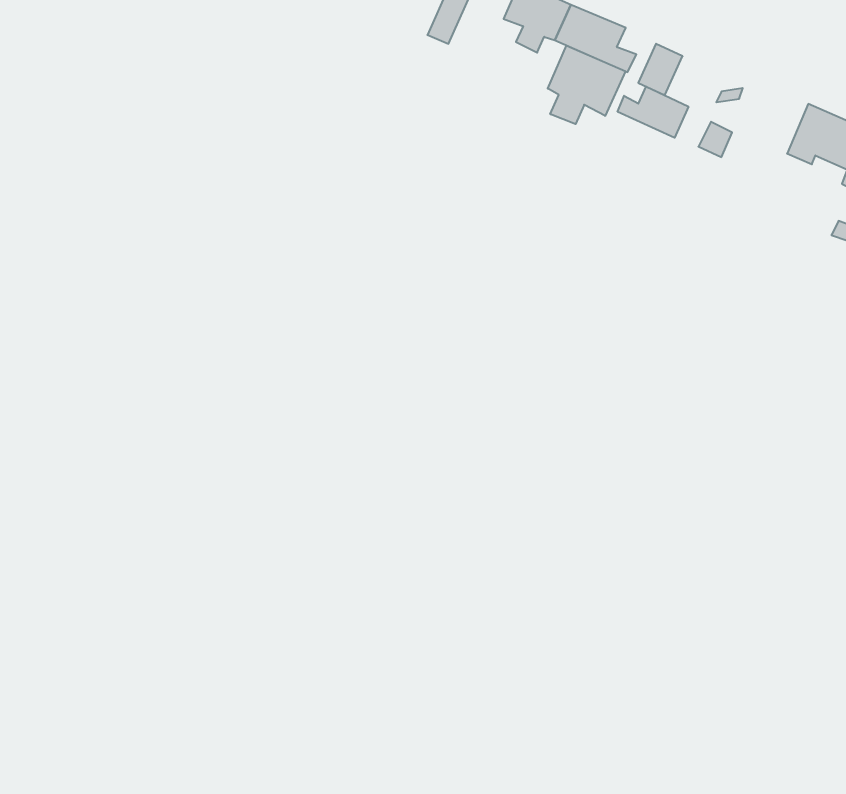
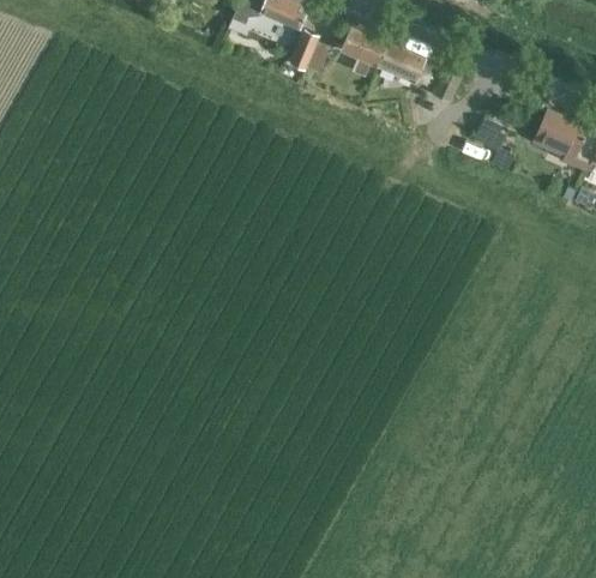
building: [548,45,625,124] -> none
building: [618,86,688,138] -> none

